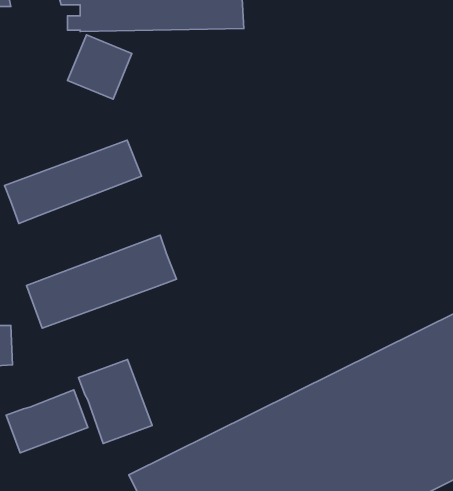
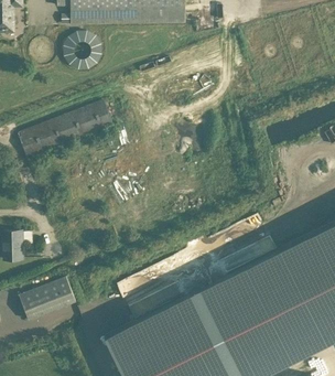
building: [27,235,177,328] -> none
building: [78,359,152,444] -> none

